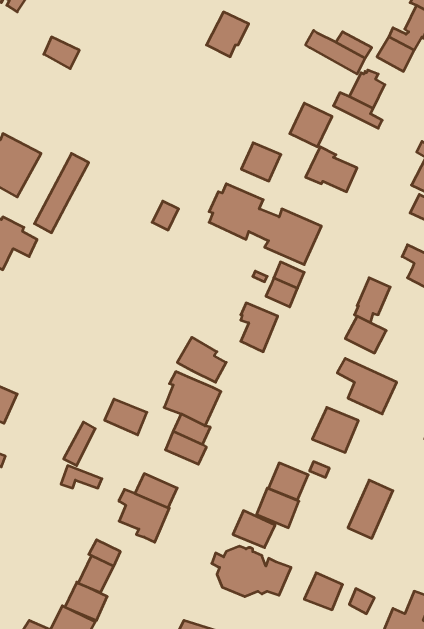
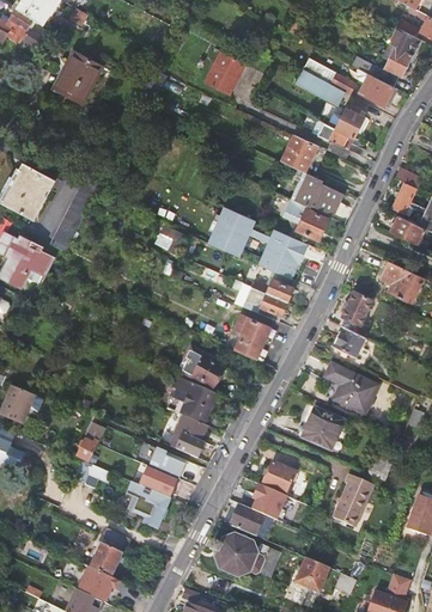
building: none -> [65,51,102,86]
building: [241,143,281,181] -> [294,208,330,243]
building: [105,399,147,435] -> [148,449,187,482]

